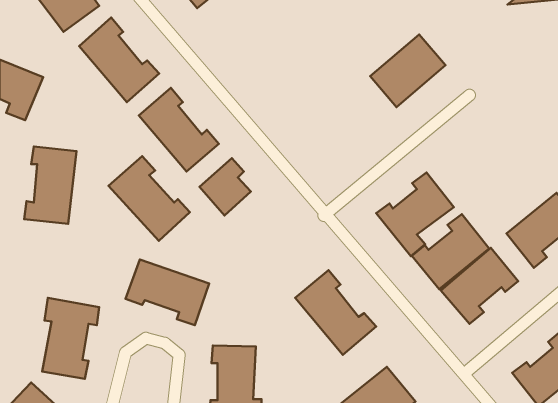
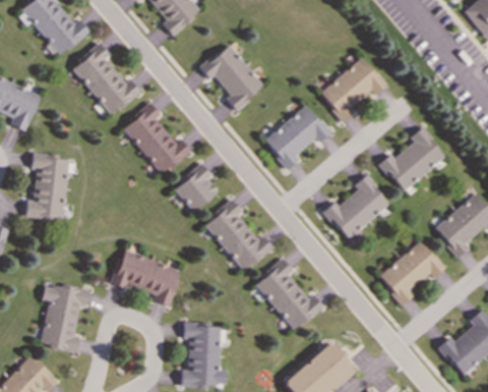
building: none -> [199,43,263,110]
building: none -> [263,105,329,168]
building: [109,156,190,241] -> [203,199,272,271]
building: [412,214,489,289] -> [379,127,445,191]

